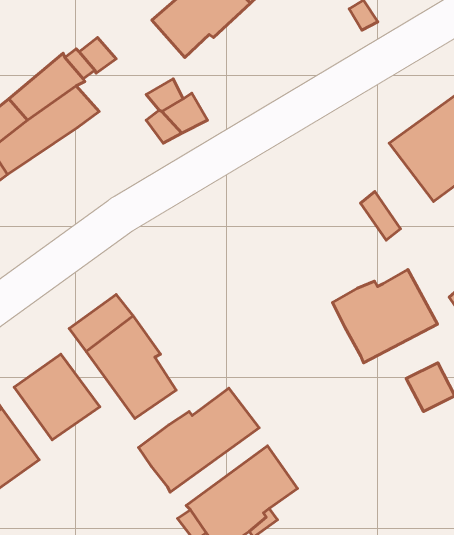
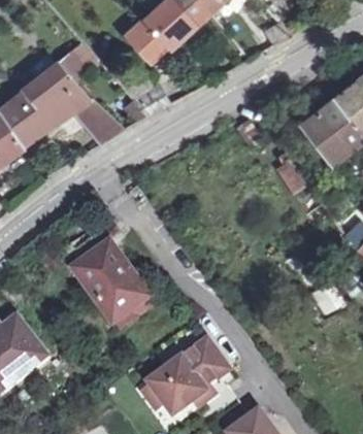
building: none -> [73,101,120,145]
building: [332,270,438,363] -> none
building: [14,354,100,440] -> none
building: [139,388,259,492] -> none

